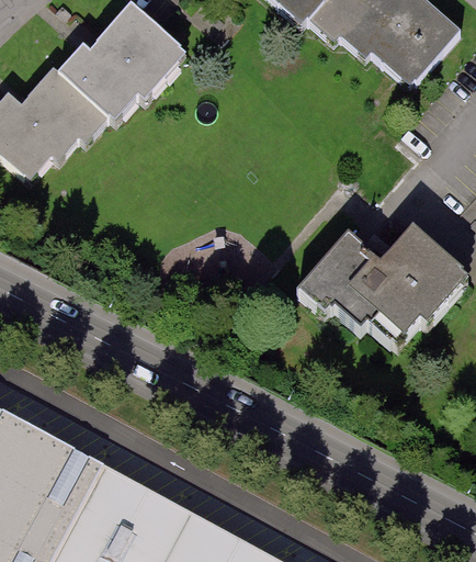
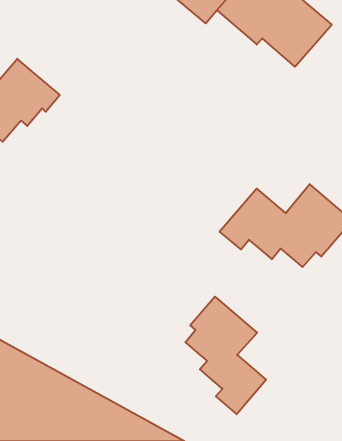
building: [55,5,183,122] -> none
building: none -> [185,297,266,414]

